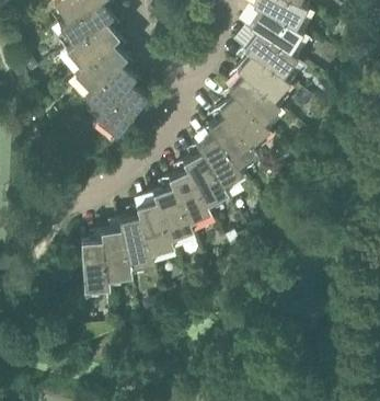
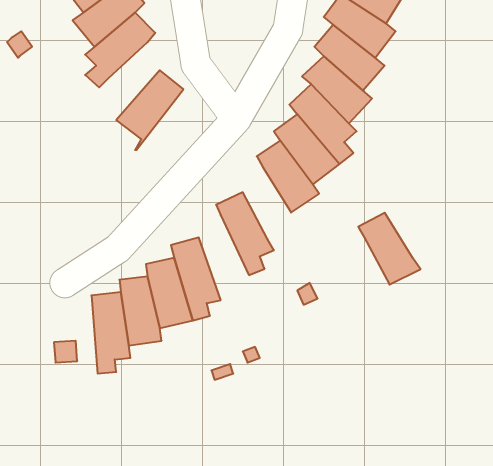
building: [87,68,136,123] -> none
building: [183,156,227,206] -> [358,213,421,285]
building: [153,190,192,249] -> none

